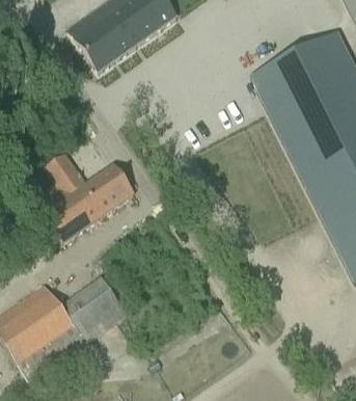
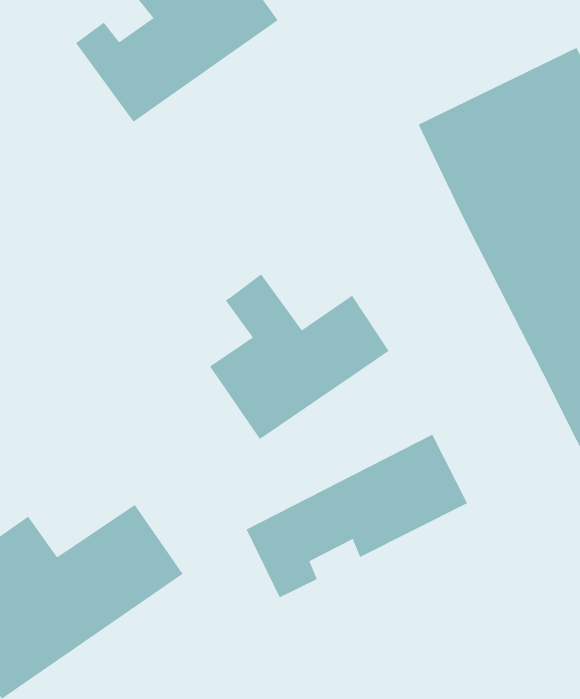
building: [36,152,133,241] -> [209,273,389,440]
building: none -> [246,434,468,598]

